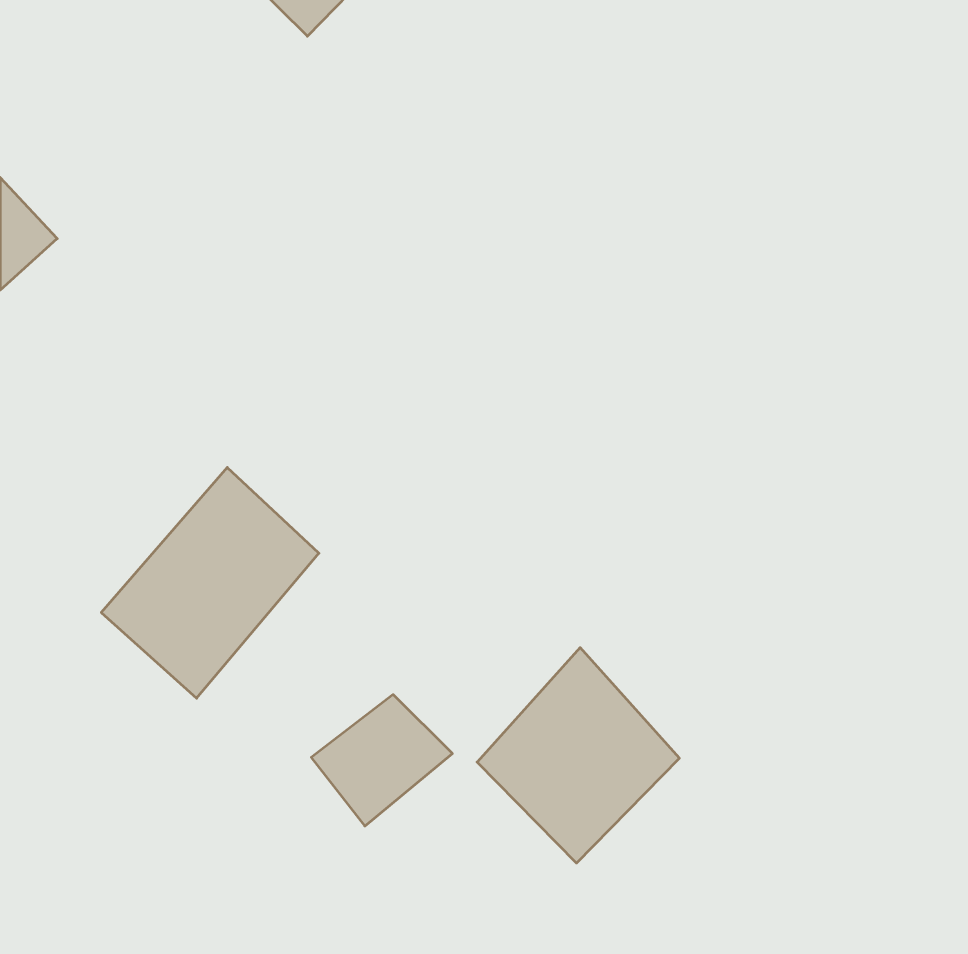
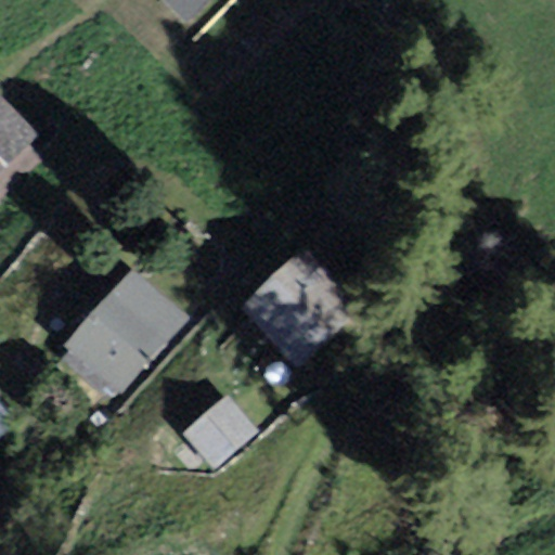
building: [477,648,679,863] -> [241,247,356,370]

